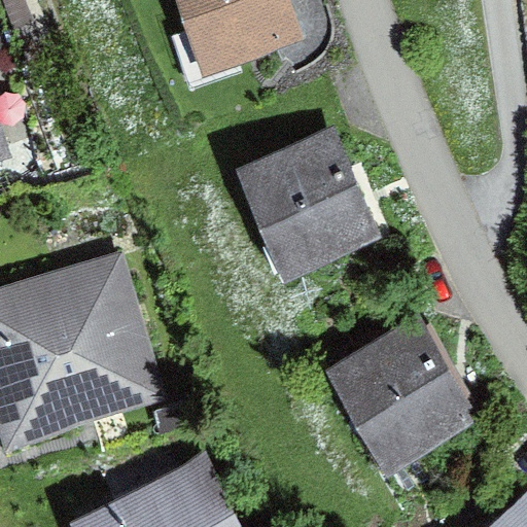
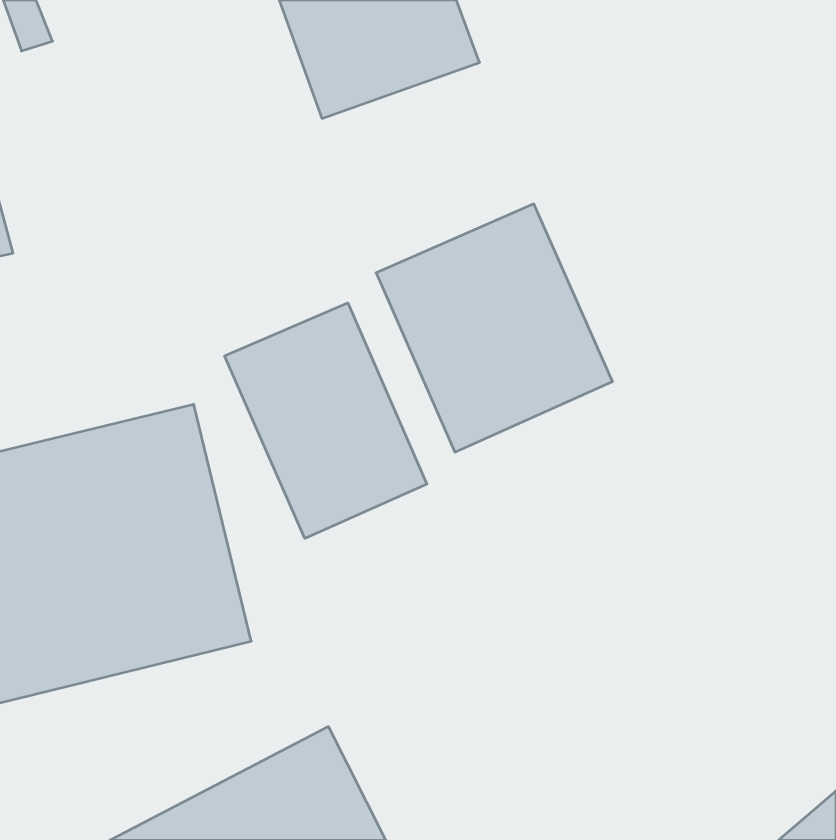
building: none -> [225,303,427,538]
building: [325,315,485,478] -> none

